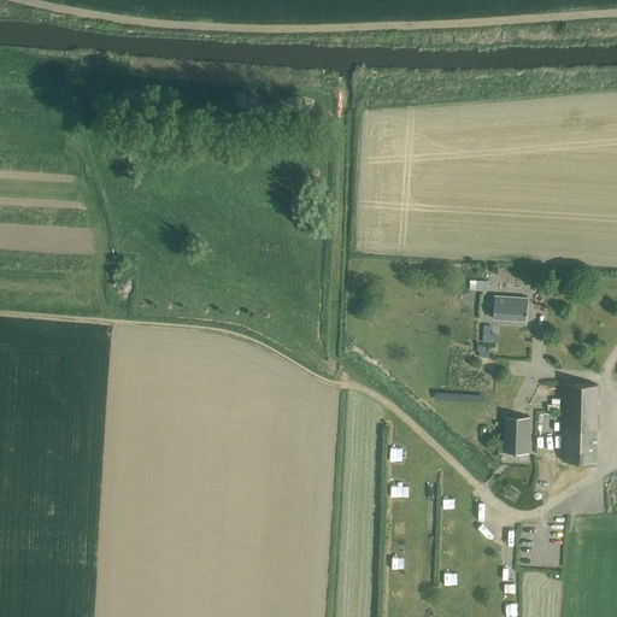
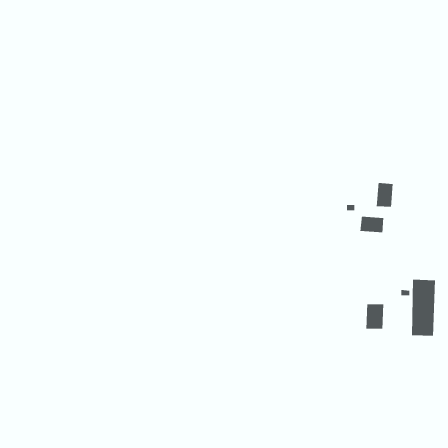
building: none -> [376,182,394,208]

